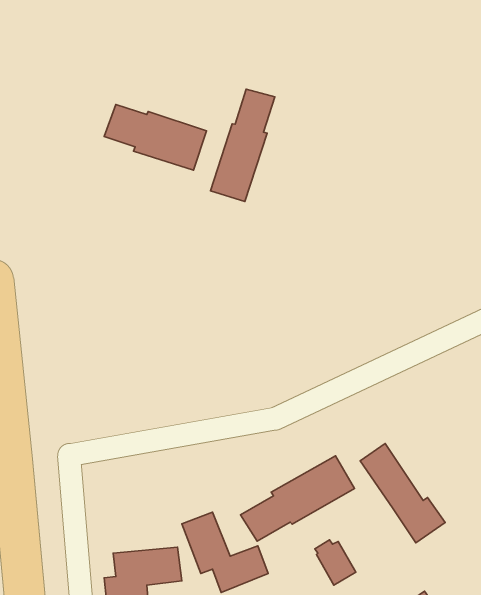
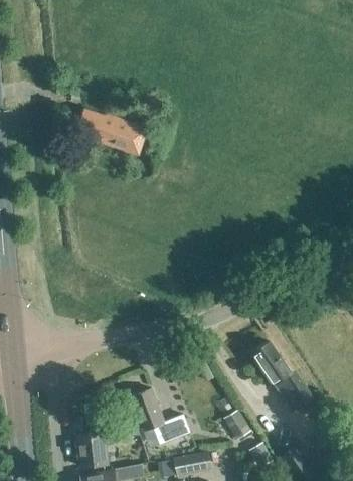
building: [211,89,275,201] -> none
building: [241,456,355,541] -> none

